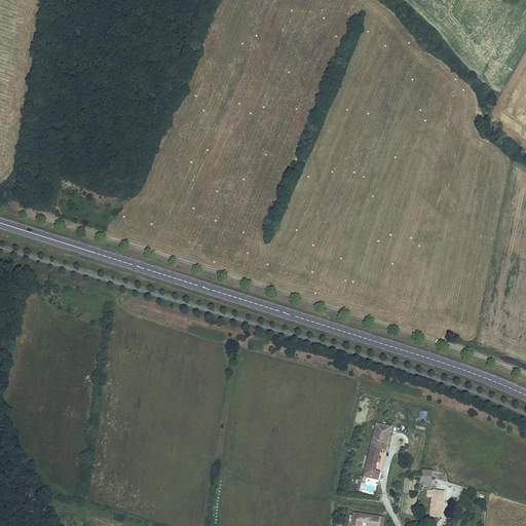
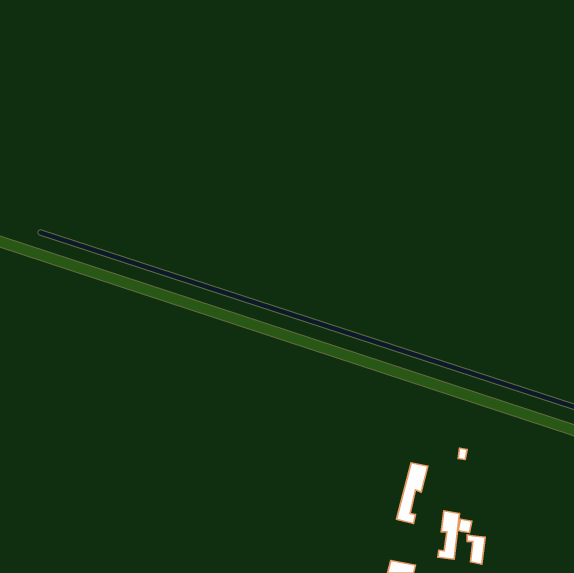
building: none -> [438,511,460,559]

